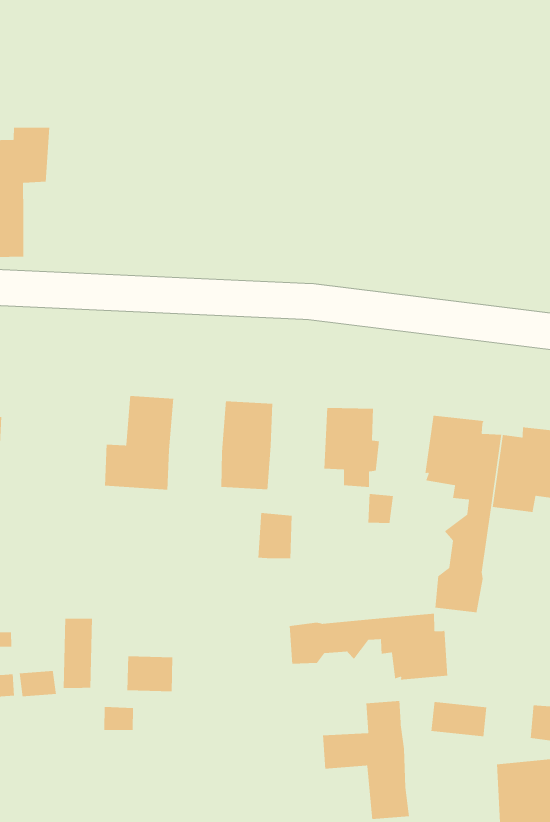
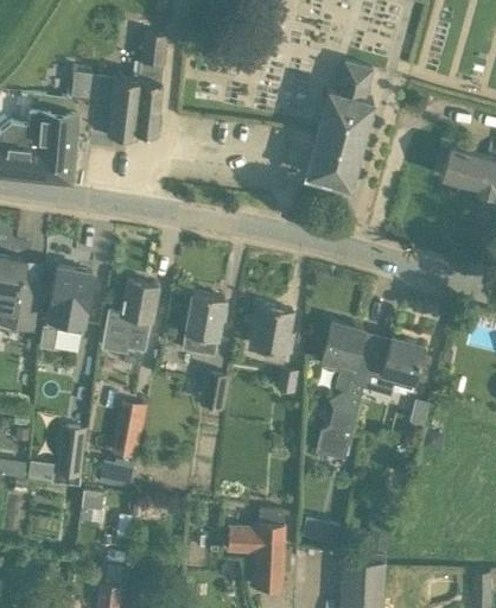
building: none -> [72,34,167,147]
building: none -> [305,63,373,189]
building: none -> [39,267,93,349]
building: none -> [113,404,146,460]
building: [289,613,448,681] -> none

